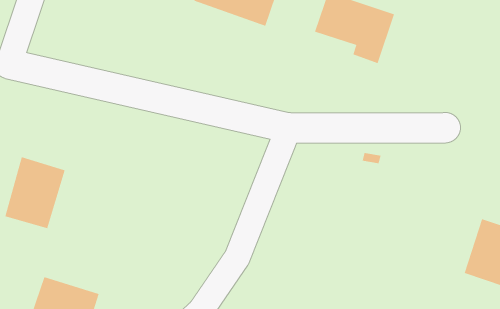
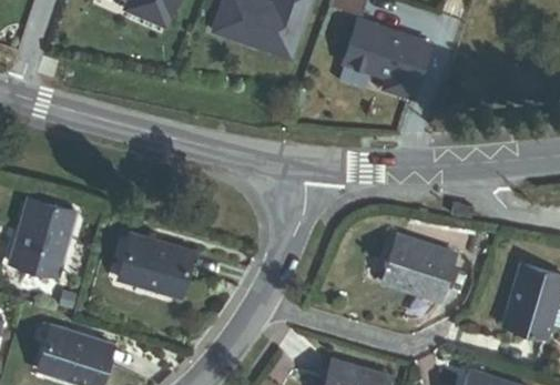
building: none -> [118,234,191,296]
building: none -> [383,234,455,301]

